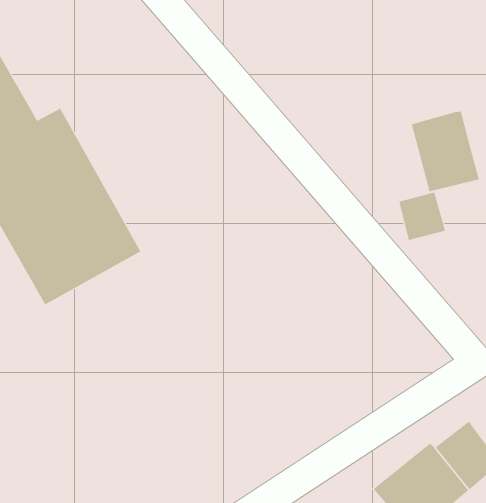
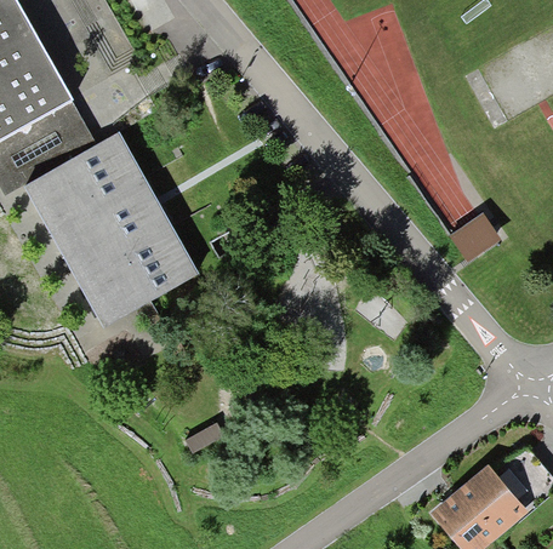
building: [411,111,480,192] -> none

